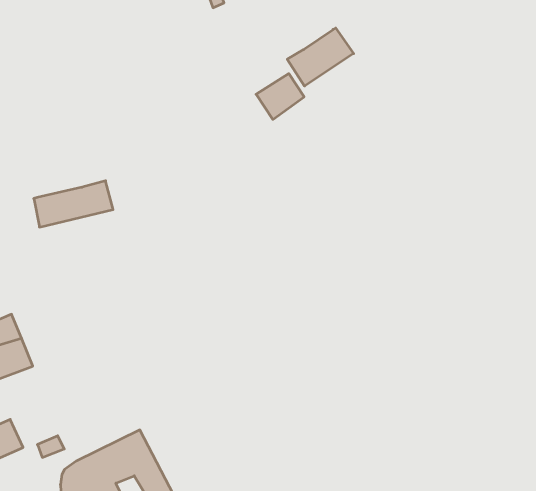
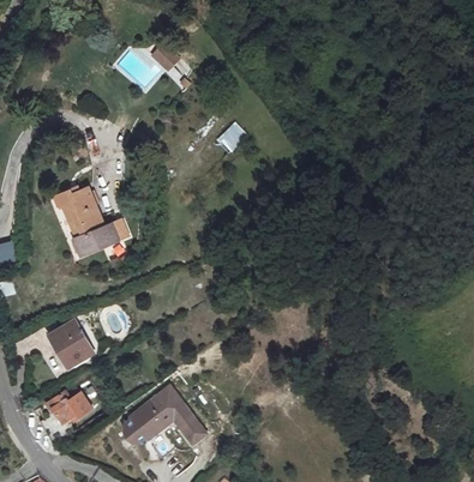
building: [287,28,354,86] -> none
building: none -> [58,186,104,236]

